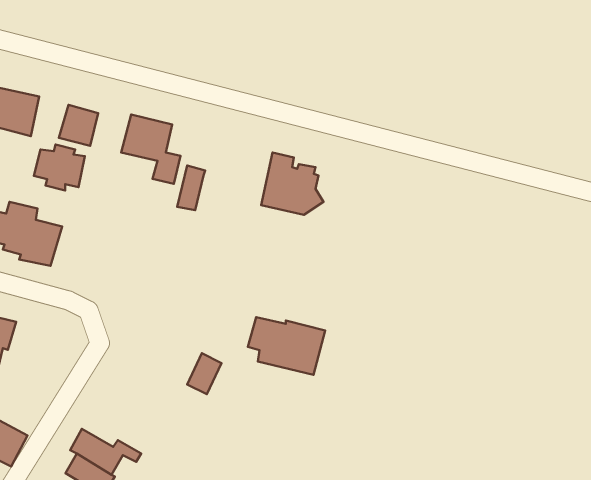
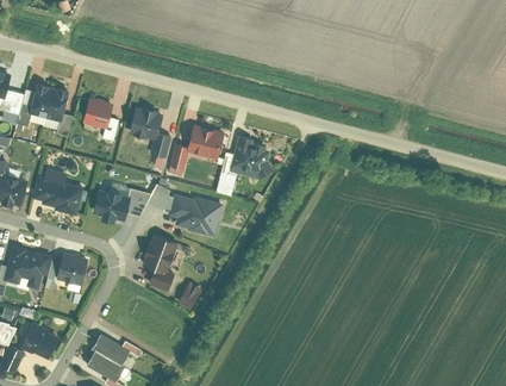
building: none -> [187,124,225,157]
building: [34,145,85,191] -> [93,191,130,224]
building: none -> [142,234,179,274]
building: [248,317,325,375] -> [167,194,223,236]
building: none -> [56,259,87,286]

